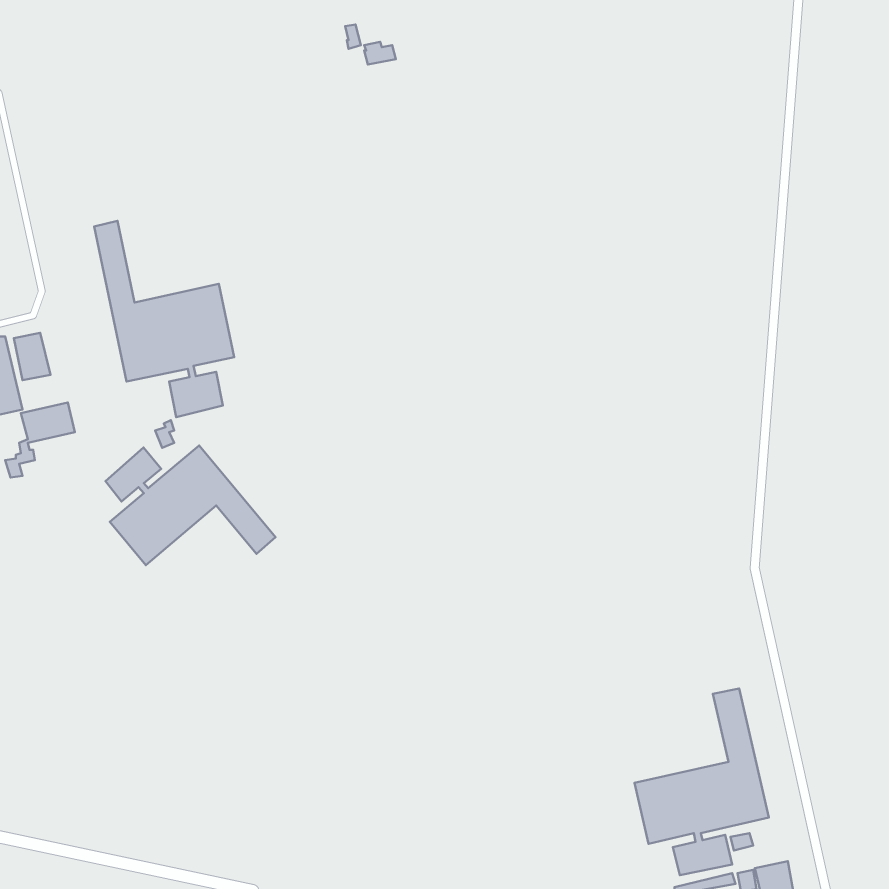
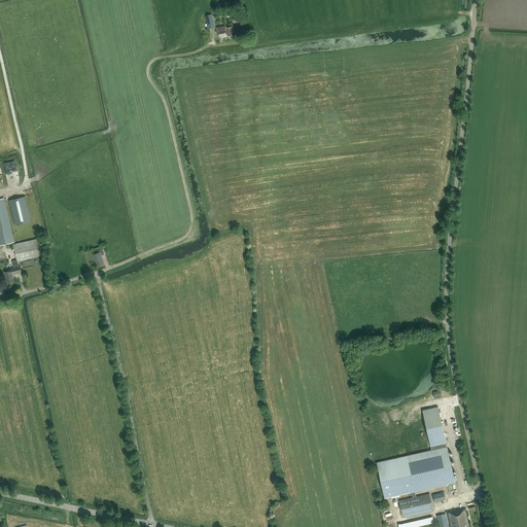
building: [94,221,234,417] -> none
building: [105,445,276,565] -> none

